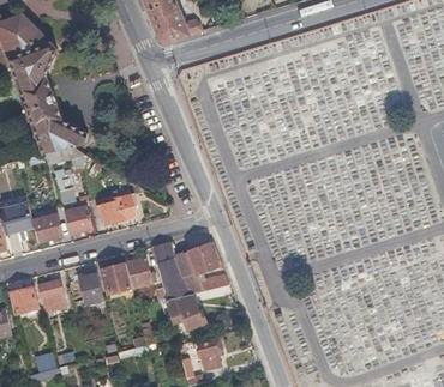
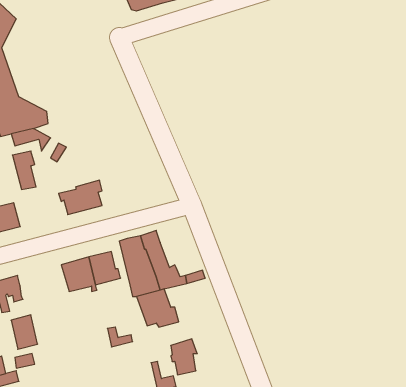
building: [61,207,90,234] -> none
building: [188,243,224,273] -> none
building: [78,274,102,306] -> [11,315,38,349]

